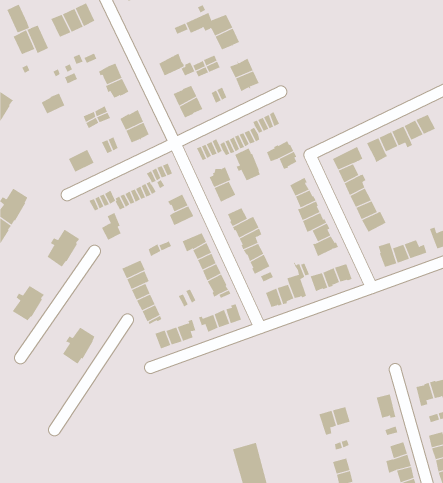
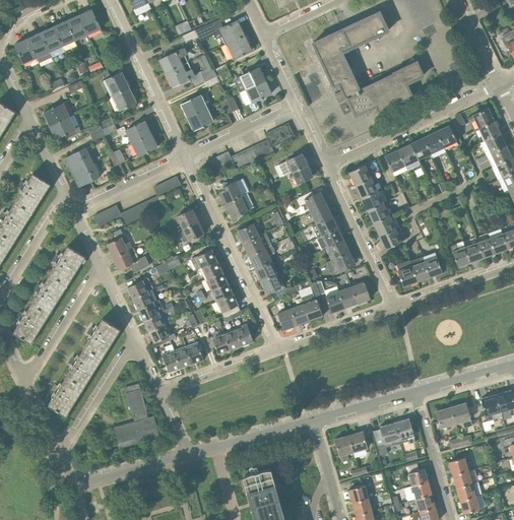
building: [7,4,30,33] -> [41,25,65,56]
building: none -> [312,10,424,115]
building: none -> [160,47,188,72]
building: none -> [50,116,81,138]
building: none -> [65,147,92,172]
building: [235,148,261,181] -> none
building: none -> [14,173,51,212]
building: none -> [114,247,149,271]
building: none -> [31,274,66,314]
building: none -> [84,317,121,358]
building: none -> [48,376,82,415]
building: none -> [114,384,158,447]
building: none -> [372,421,399,455]

